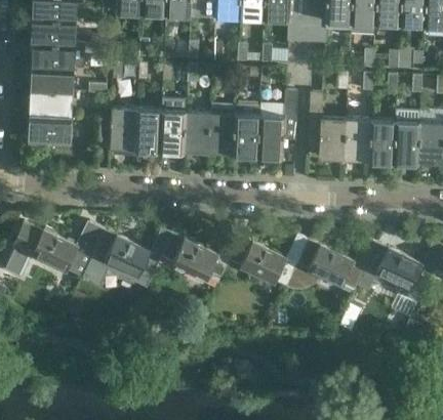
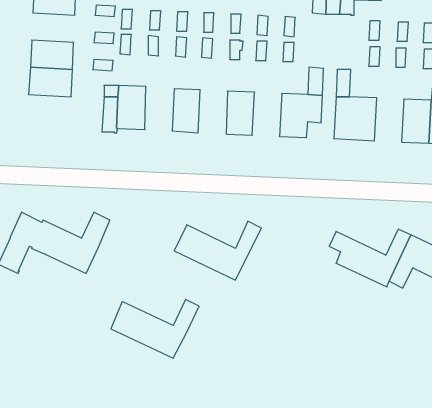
building: [34,44,73,71] -> none
building: [136,111,163,151] -> none
building: [185,114,211,154] -> none
building: [234,116,260,156] -> none
building: [30,118,70,144] -> none
building: [345,121,371,161] -> none
building: [94,229,174,283] -> [111,299,199,358]
building: [230,236,310,290] -> none

